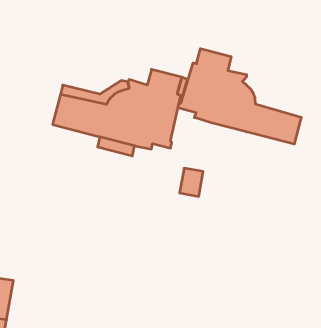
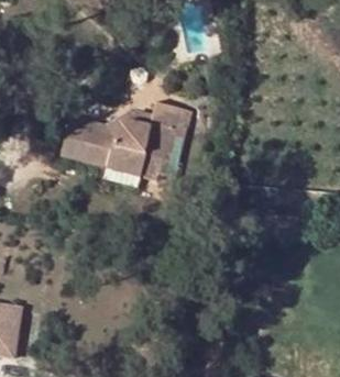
building: [178,49,301,144] -> none

